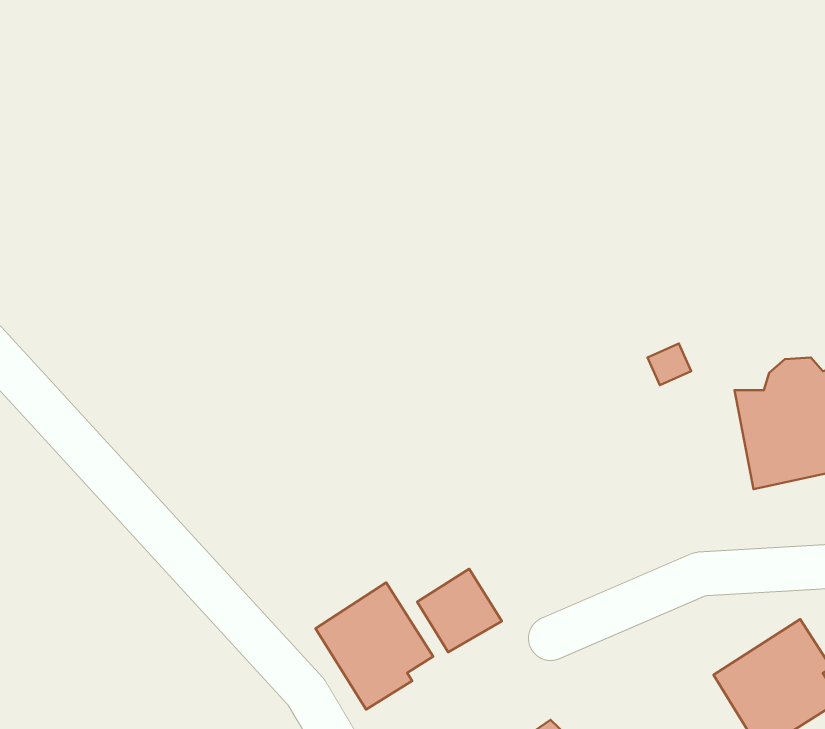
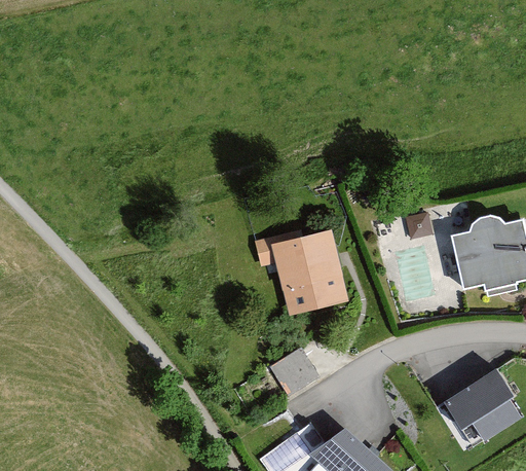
building: none -> [271,229,351,321]
building: [316,583,433,709] -> none

